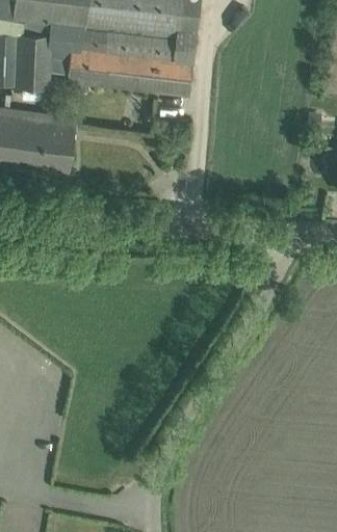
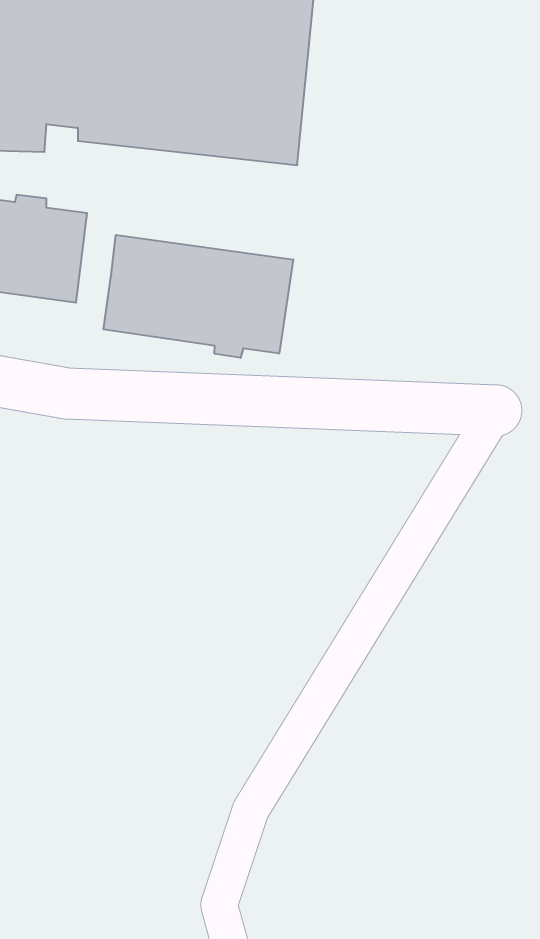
building: none -> [103,235,293,358]

